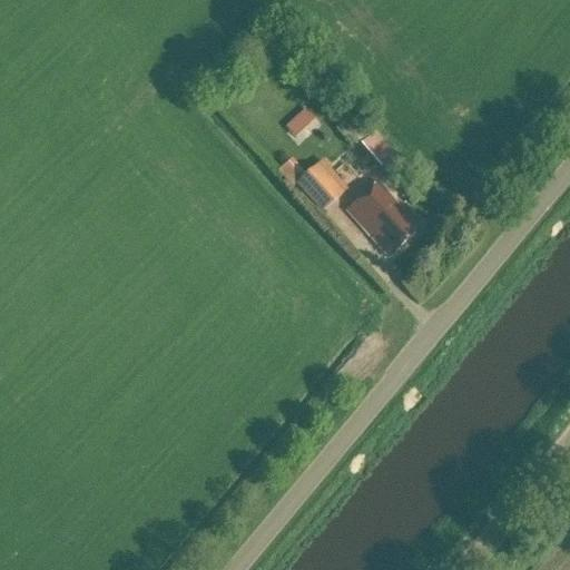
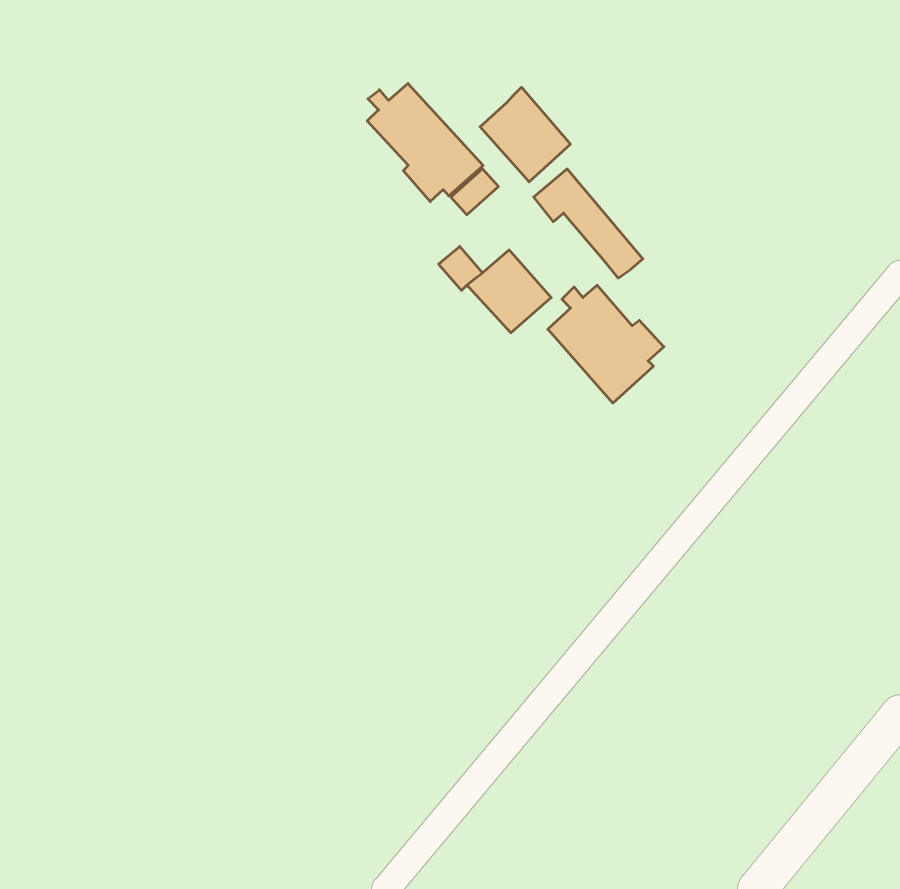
building: none -> [367,83,483,202]
building: none -> [480,87,570,182]

